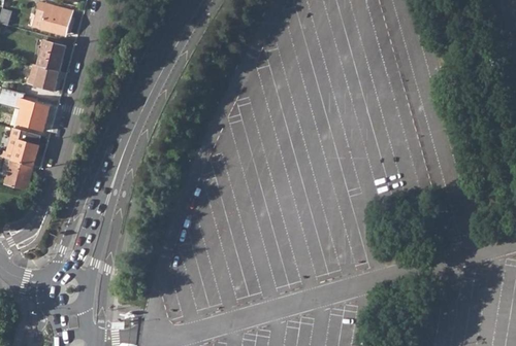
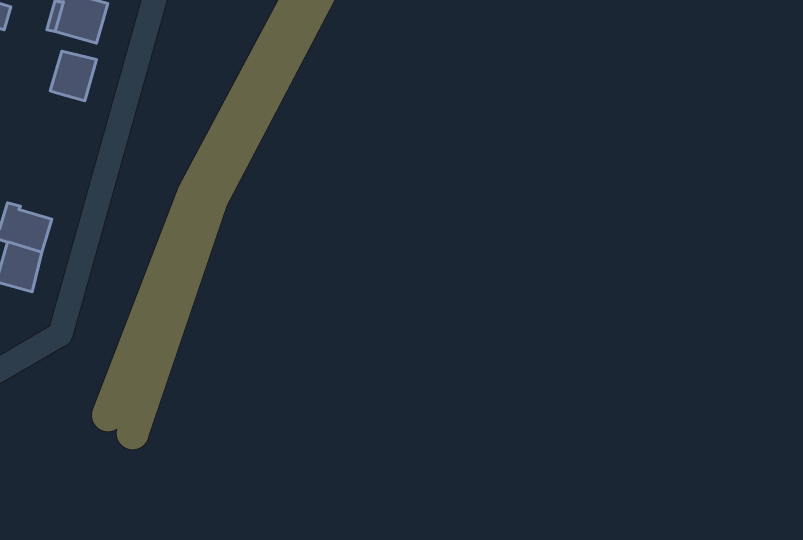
building: [33,66,58,91] -> none
building: [17,98,47,131] -> none

